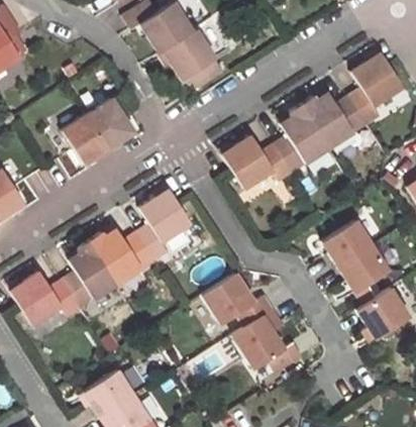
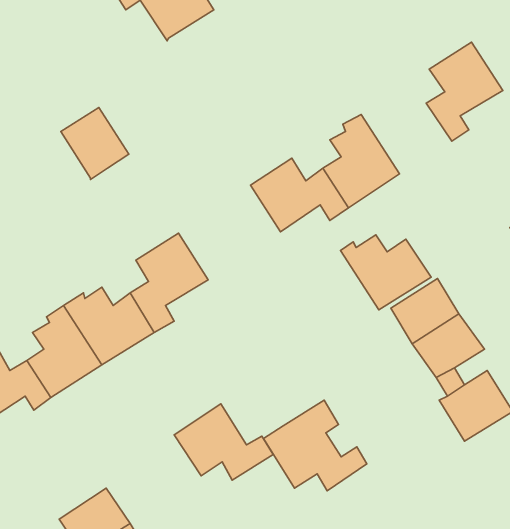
building: [164,28,225,89] -> none
building: [301,93,366,146] -> [341,235,431,310]
building: [62,116,108,166] -> none
building: [204,272,275,326] -> [174,404,273,480]

